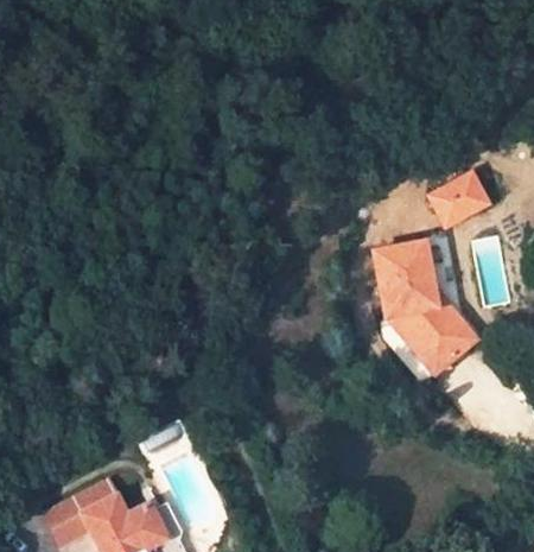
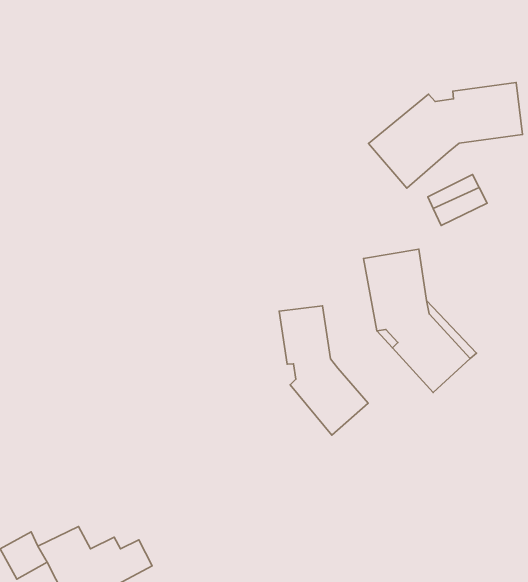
building: none -> [369,82,523,188]
building: none -> [279,306,368,435]

